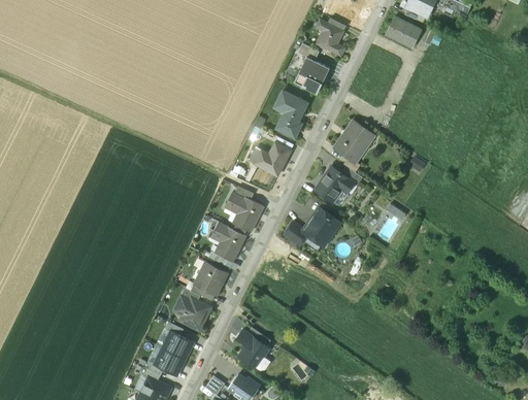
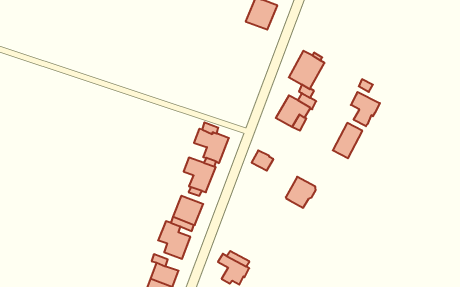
building: [273,90,307,137] -> none
building: [254,141,290,175] -> none
building: none -> [351,92,380,126]
building: [304,208,337,242] -> [286,177,316,208]

